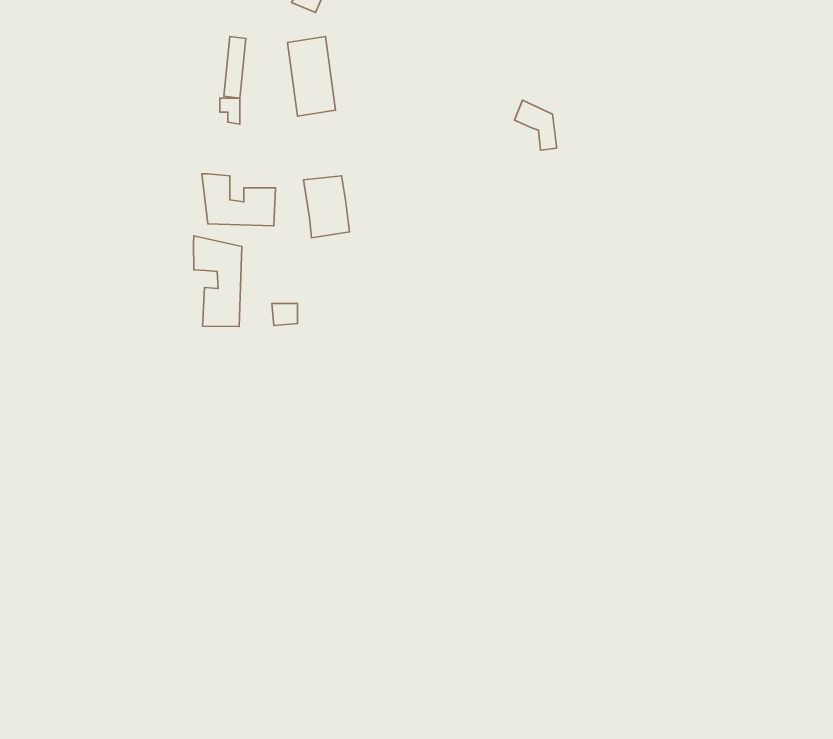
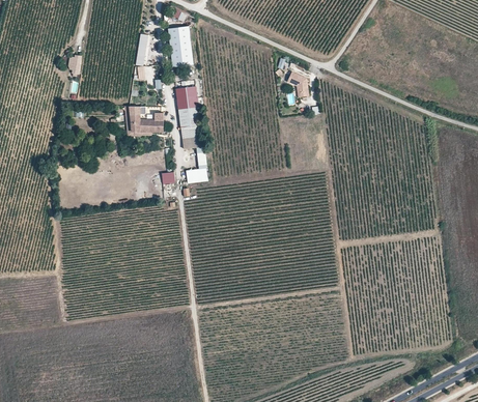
building: none -> [175,86,197,109]
building: [193,236,242,326] -> none

